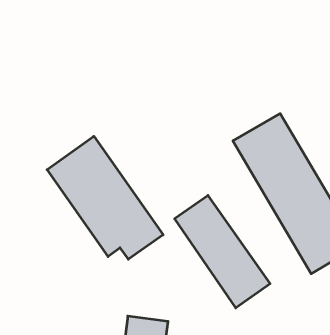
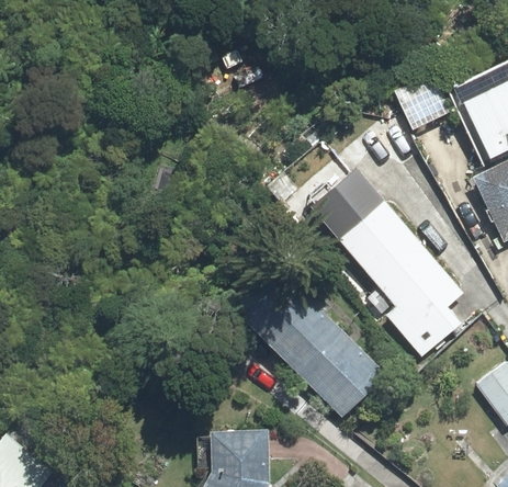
building: [47,136,163,259] -> none

